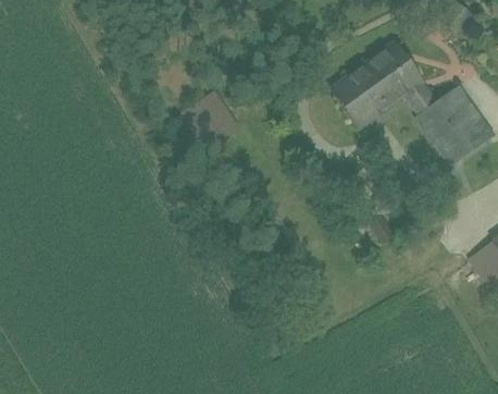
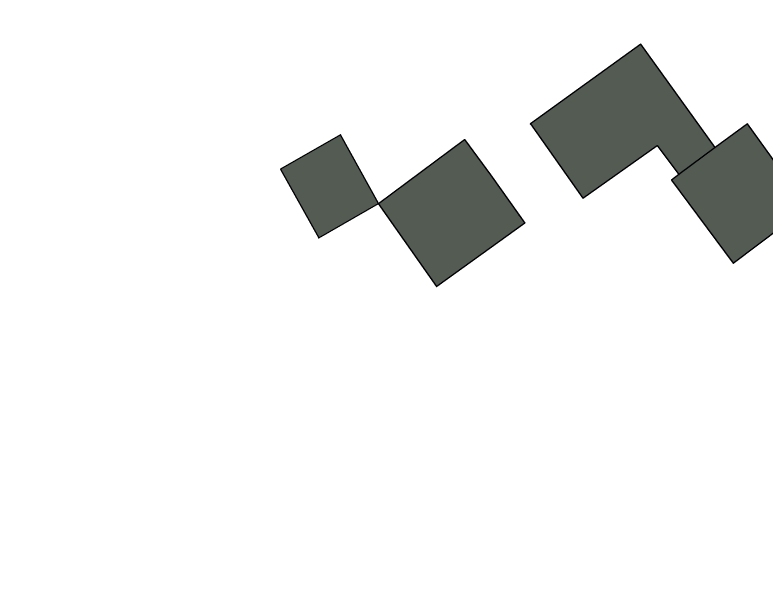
building: none -> [378,140,525,287]

